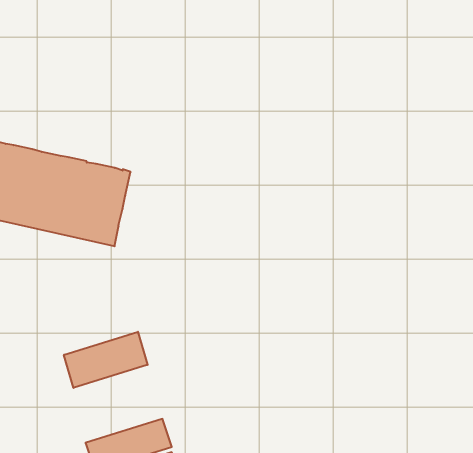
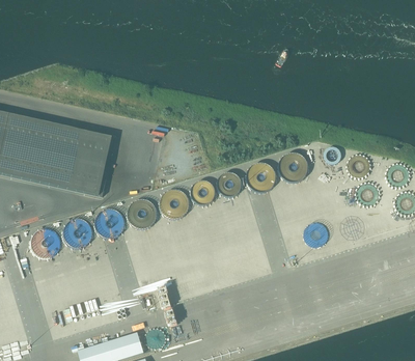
building: [64,332,148,388] -> none

